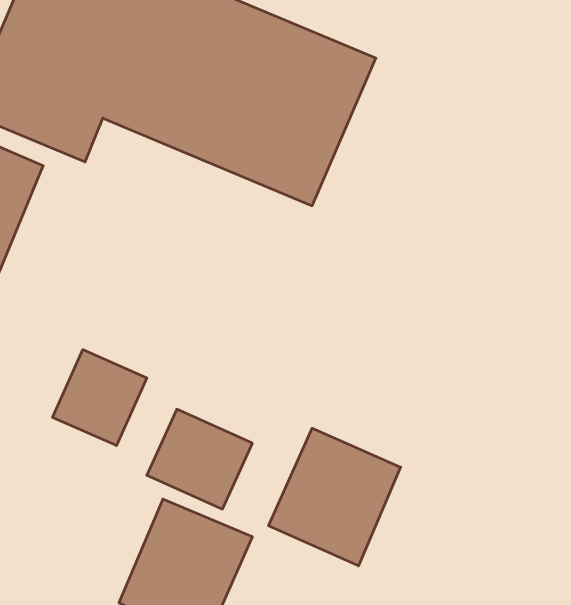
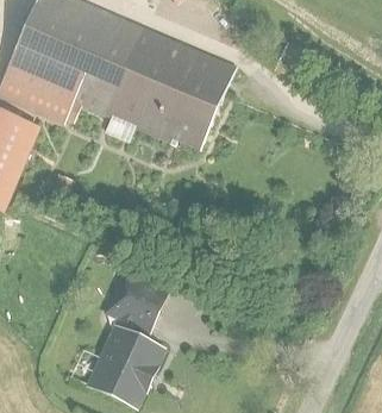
building: [53,350,147,446] -> none
building: [269,428,401,566] -> none

